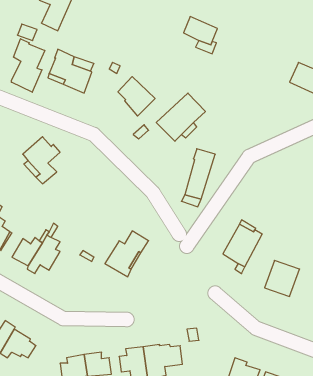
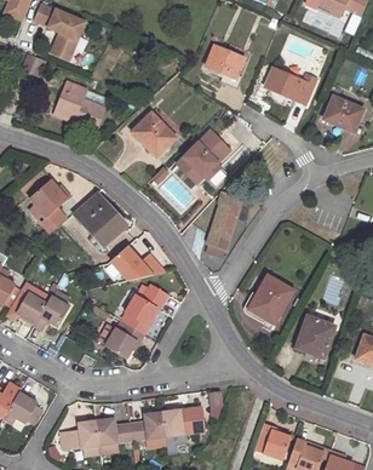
building: none -> [265,68,315,103]
building: [11,39,45,92] -> none
building: none -> [70,191,127,246]
building: none -> [110,246,165,280]
building: none -> [104,320,144,359]

